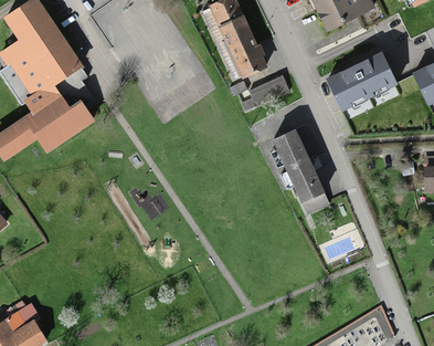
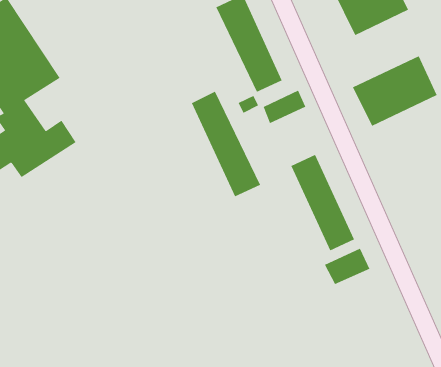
building: none -> [191,91,261,197]
building: none -> [324,248,370,285]

